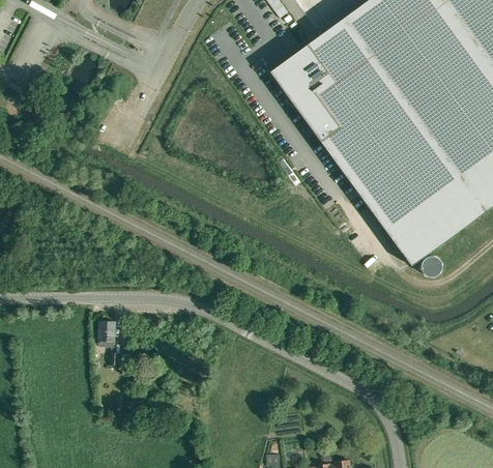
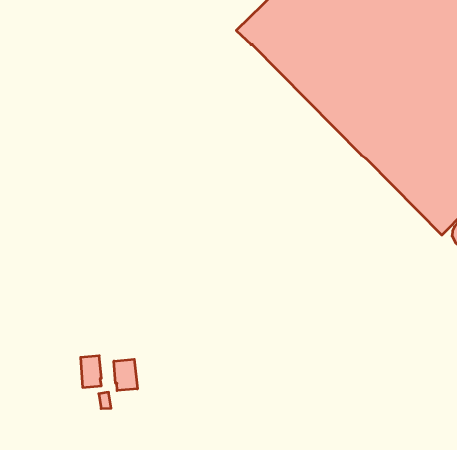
building: none -> [114,359,137,391]

